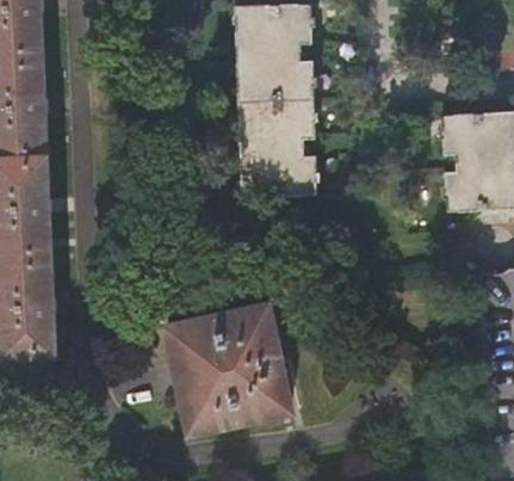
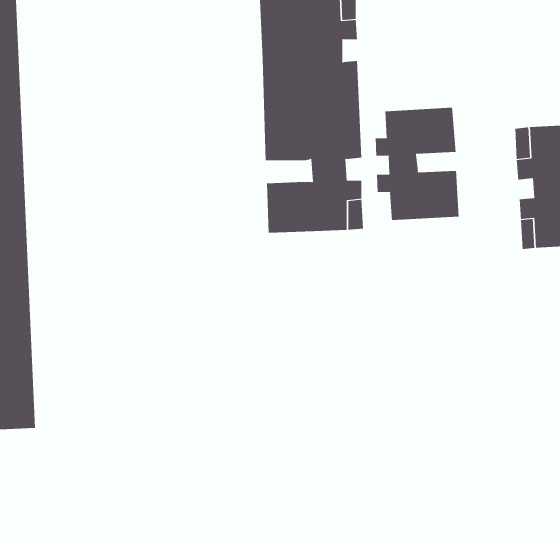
building: none -> [375,107,459,221]
building: [168,306,291,433] -> none

